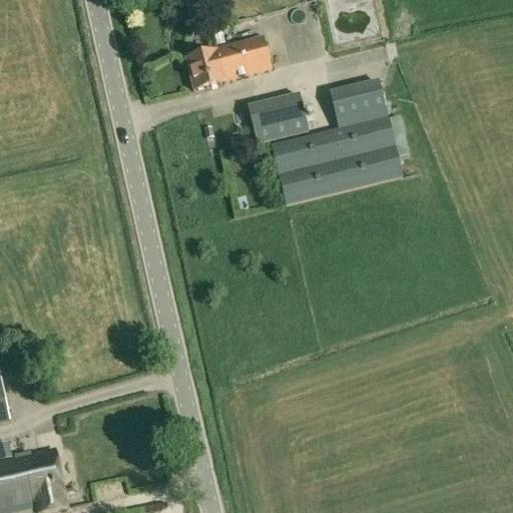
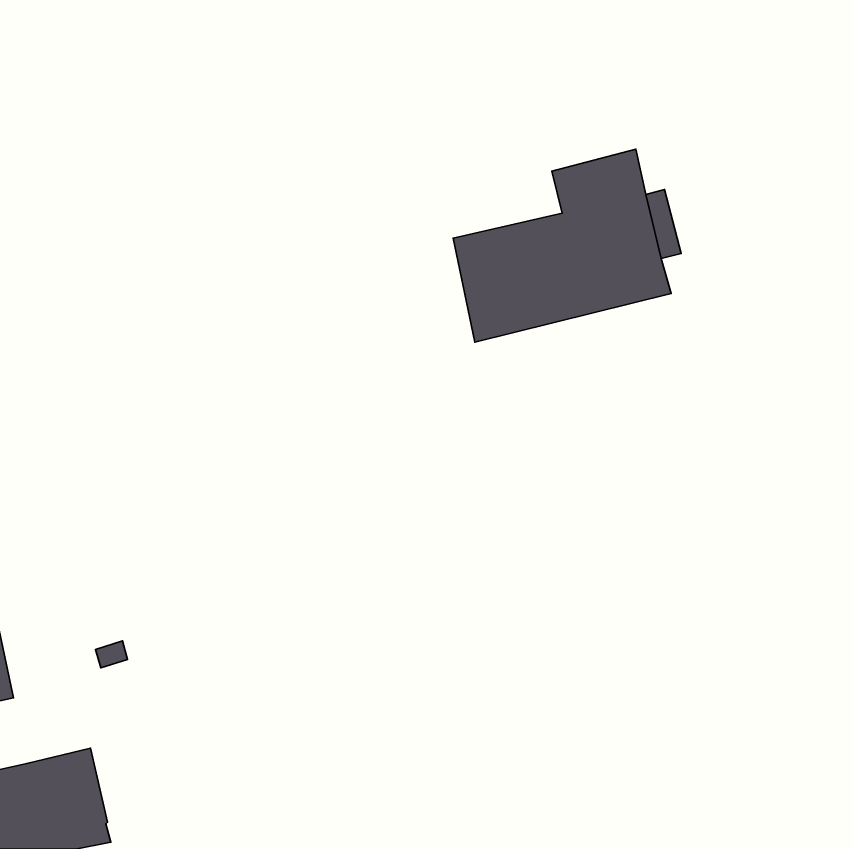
building: [183,36,269,89] -> none
building: [245,92,307,142] -> none

